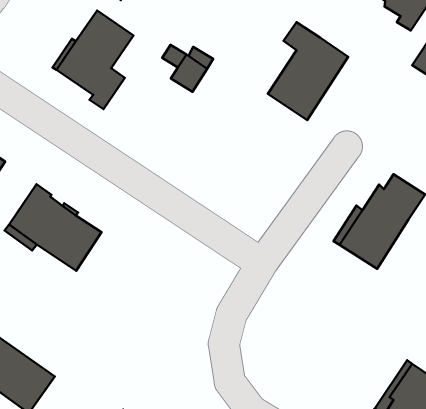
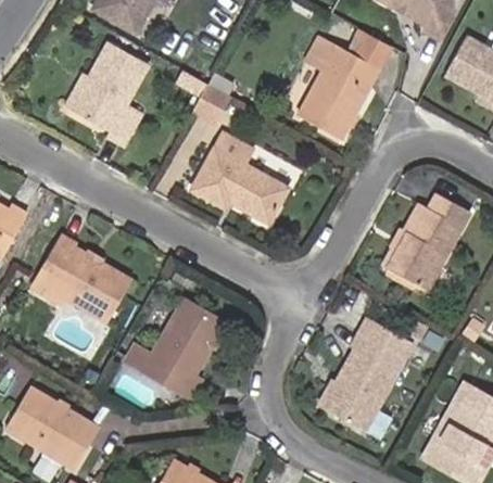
building: none -> [345,29,390,72]
building: none -> [191,134,288,226]
building: none -> [125,296,225,396]
building: none -> [320,331,404,428]

